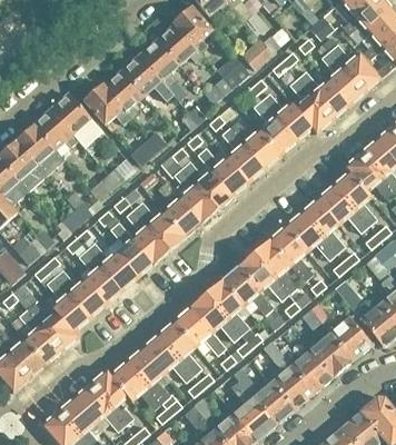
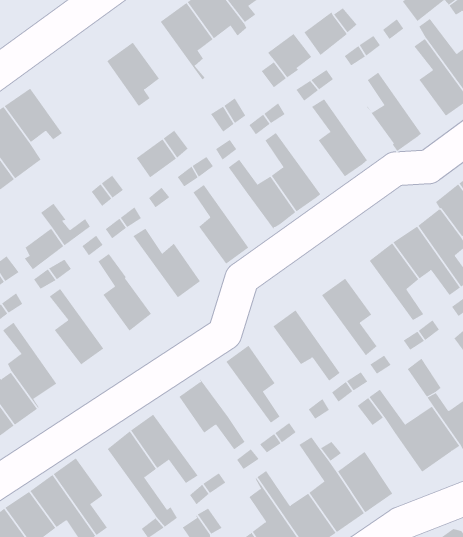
building: [121,56,172,101] -> none
building: [297,71,347,119] -> none
building: [82,83,129,125] -> none
building: [51,93,102,148] -> none
building: [260,93,311,141] -> none
building: [228,120,279,168] -> none
building: [180,161,231,210] -> none
building: [157,182,200,237] -> none
building: [125,209,168,265] -> none
building: [286,212,336,260] -> none
building: [253,238,305,294] -> none
building: [85,243,136,290] -> none
building: [221,265,273,315] -> none
building: [53,270,103,318] -> none
building: [189,293,241,342] -> none
building: [158,320,201,375] -> none
building: [310,333,352,376] -> none
building: [106,362,161,409] -> none

